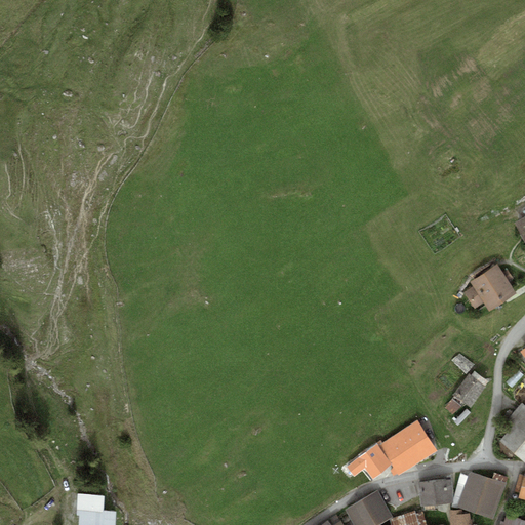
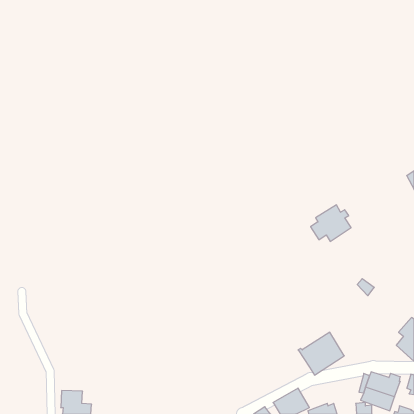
building: [465,265,516,311] -> [311,205,351,241]
building: [446,372,488,413] -> none
building: [348,443,392,479] -> none
building: [417,479,452,506] -> none

